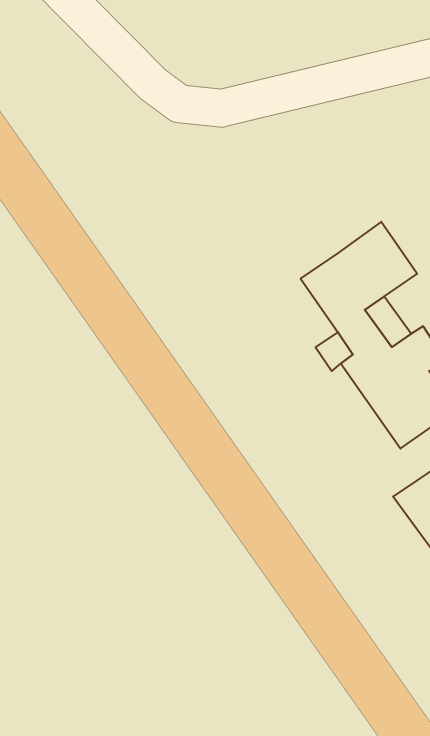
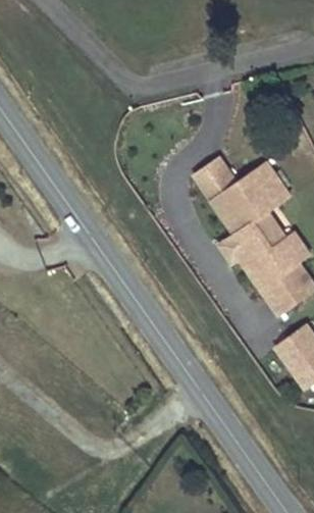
building: none -> [195,156,238,199]

